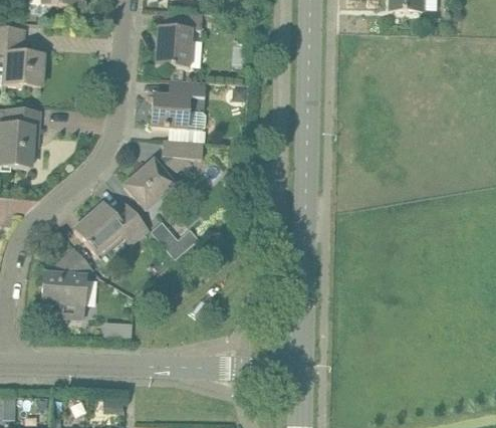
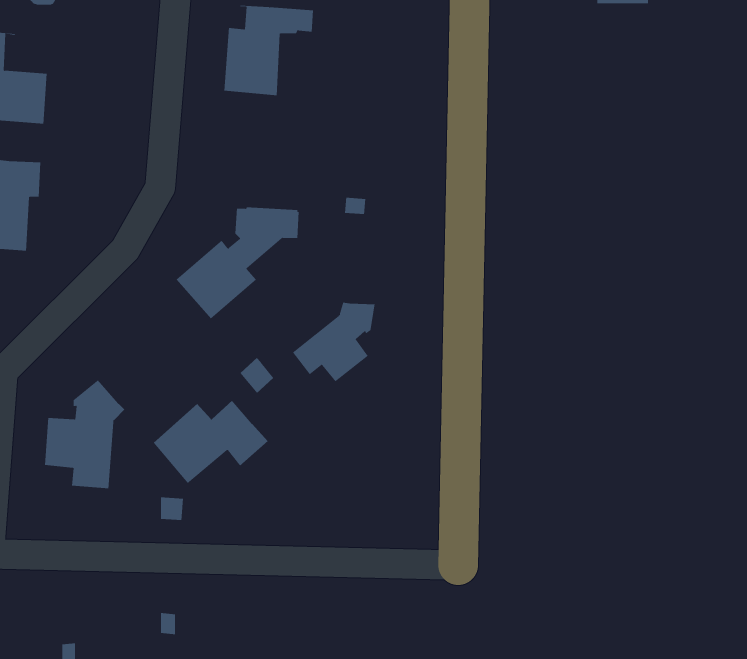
building: [152,77,207,140] -> none
building: none -> [292,302,375,382]
building: [75,200,149,253] -> [153,400,269,484]

